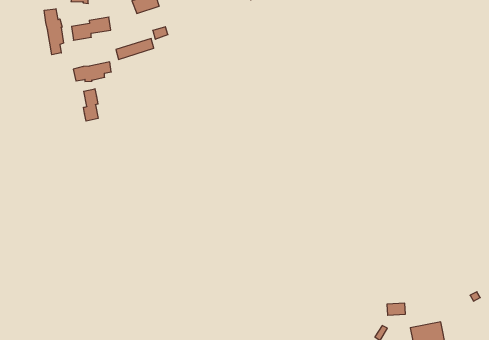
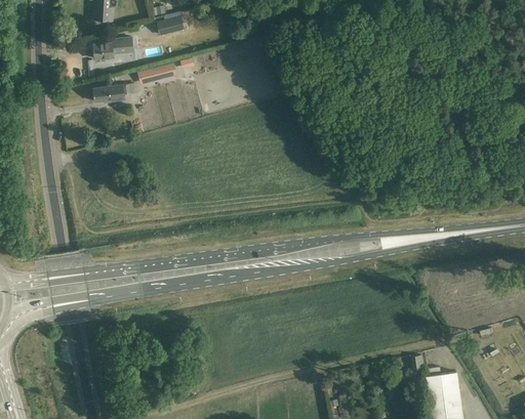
building: [44,9,64,55] -> none
building: [83,89,98,121] -> none

